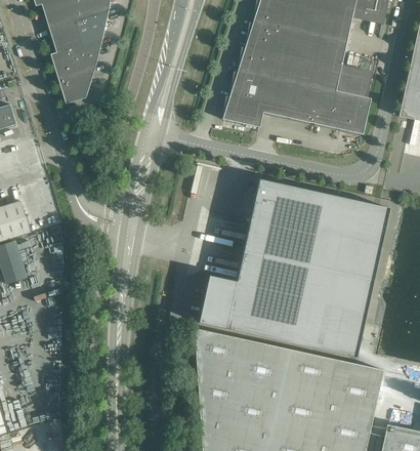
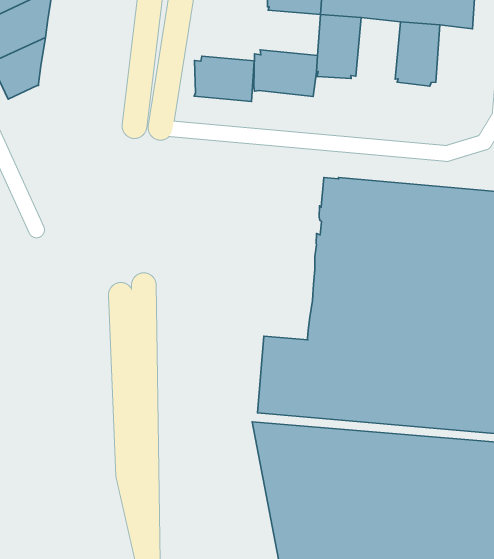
building: [229,70,270,102] -> [194,56,254,102]
building: [288,82,321,126] -> none
building: [338,93,371,136] -> none

